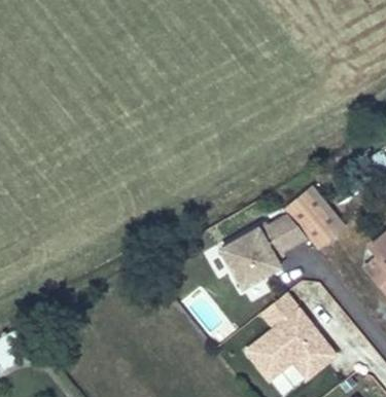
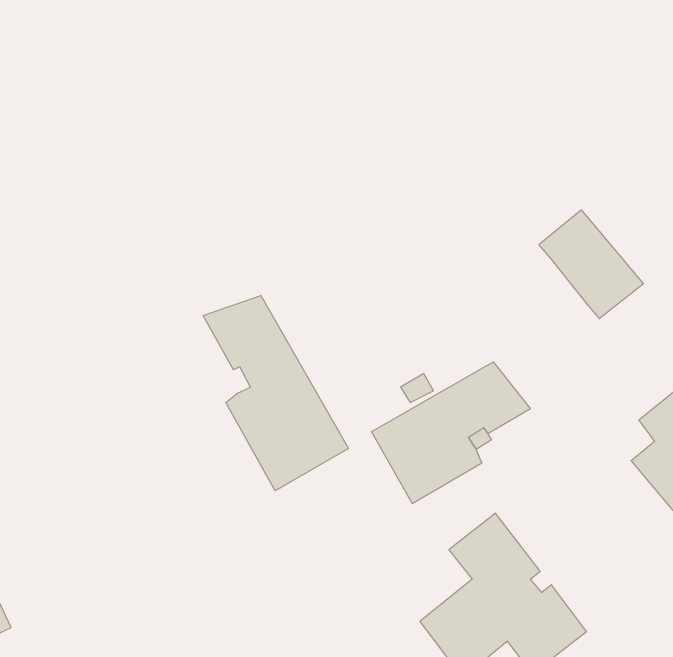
building: none -> [203,295,348,491]
building: [281,186,337,244] -> [539,210,644,319]

